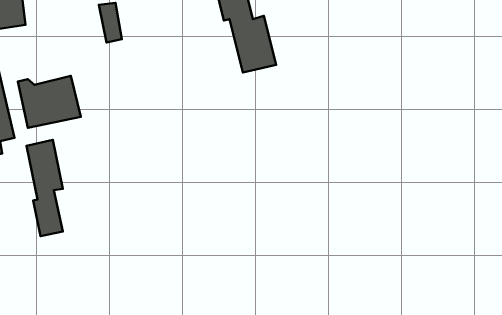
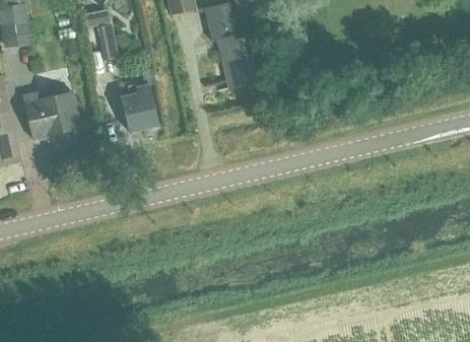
building: none -> [121,69,158,132]
building: [26,140,63,236] -> none

